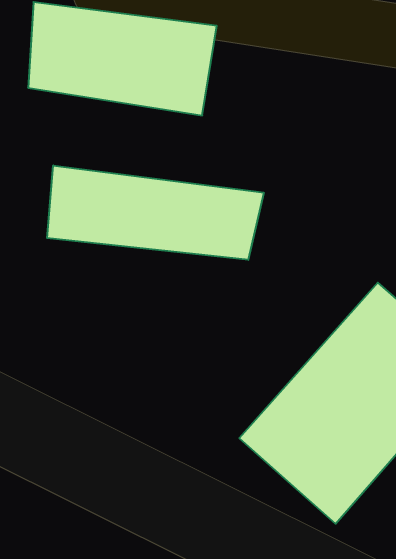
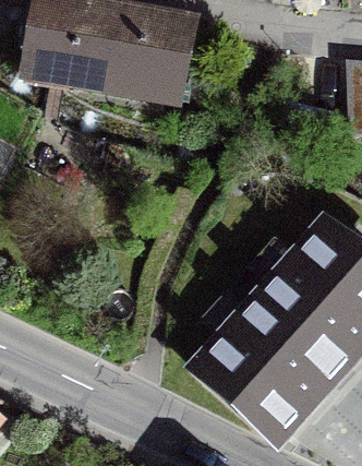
building: [47,165,264,260] -> none

